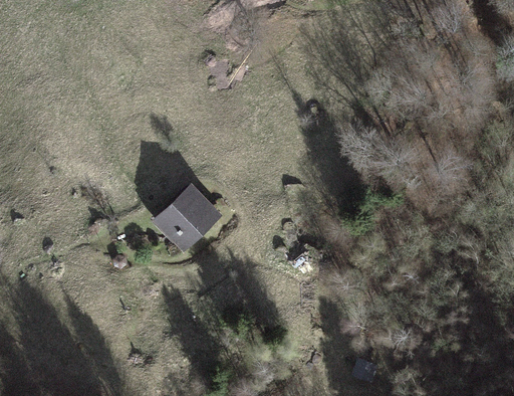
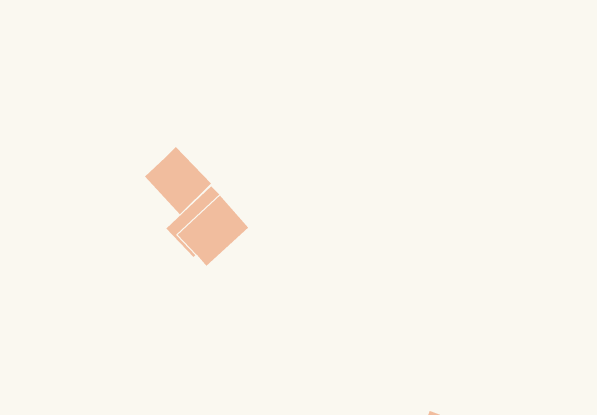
building: none -> [144,146,212,215]

